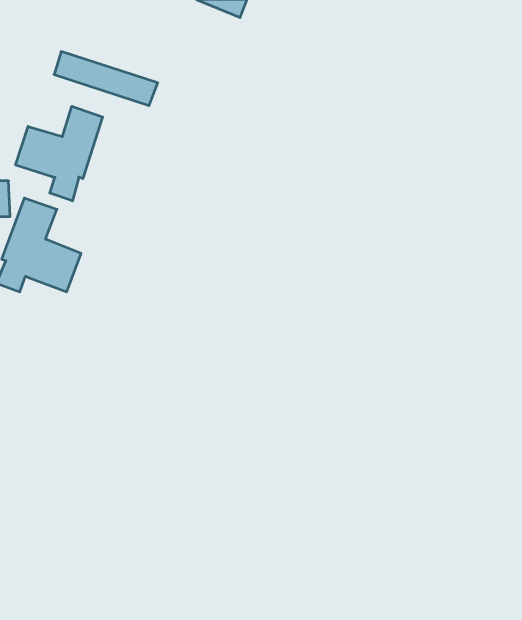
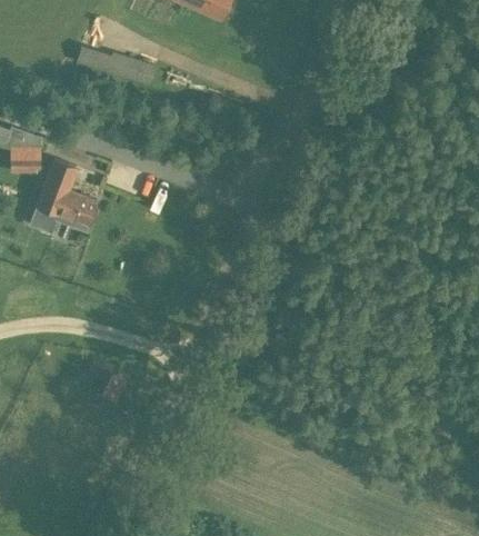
building: [16,106,103,201] -> none

